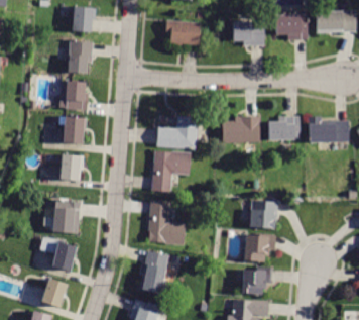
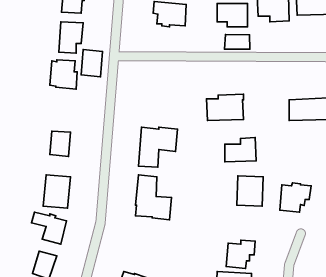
building: none -> [224,34,250,49]
building: [63,115,85,143] -> [81,50,102,77]
building: [157,115,199,148] -> none
building: [267,115,300,140] -> [225,137,256,162]
building: [244,232,276,262] -> [280,183,311,212]
building: [140,249,173,293] -> none

